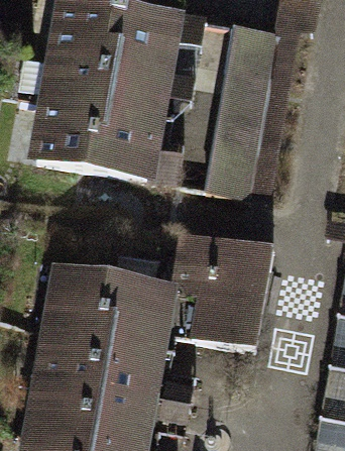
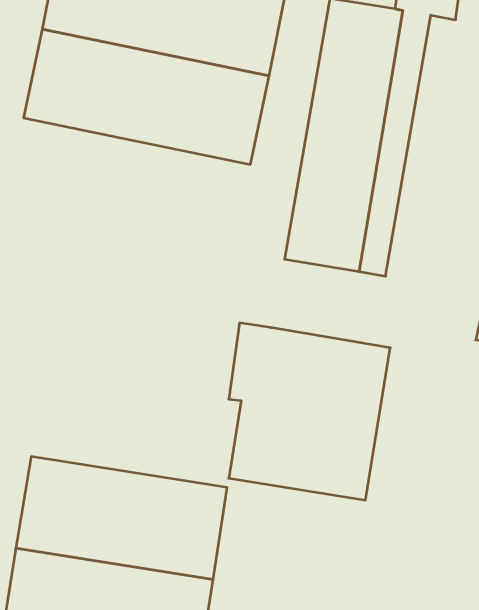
building: [25,97,184,185] -> none
building: [41,260,178,337] -> none

